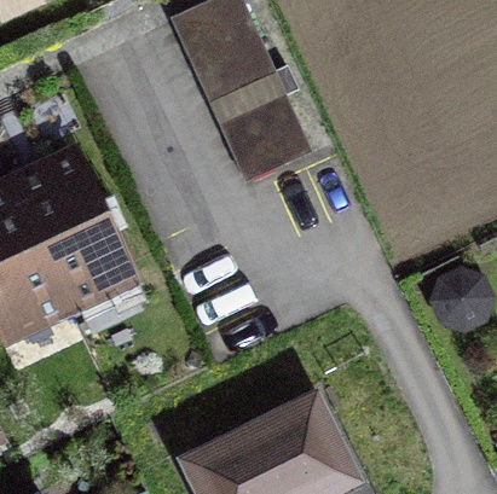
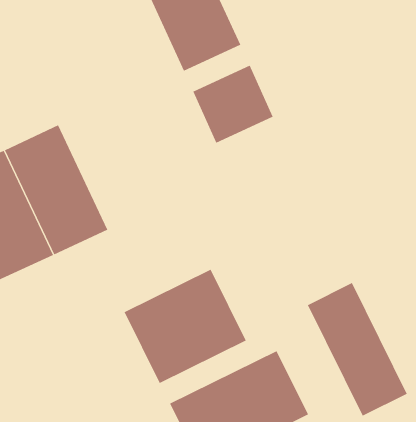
building: none -> [124,269,246,384]
building: none -> [307,282,407,416]

